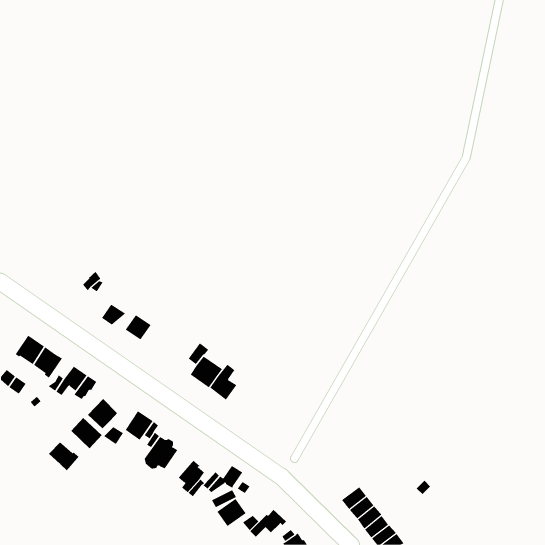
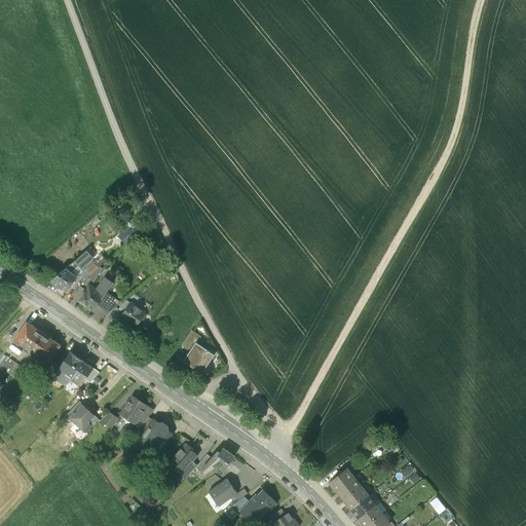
building: none -> [50,251,91,292]
building: none -> [79,278,113,311]
building: [209,364,237,400] -> none
building: [87,398,118,429] -> none
building: [48,441,80,471] -> none

